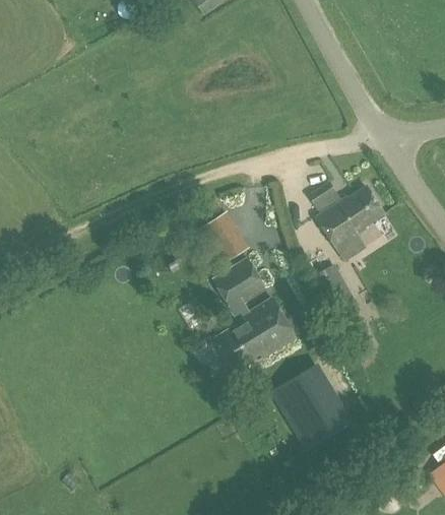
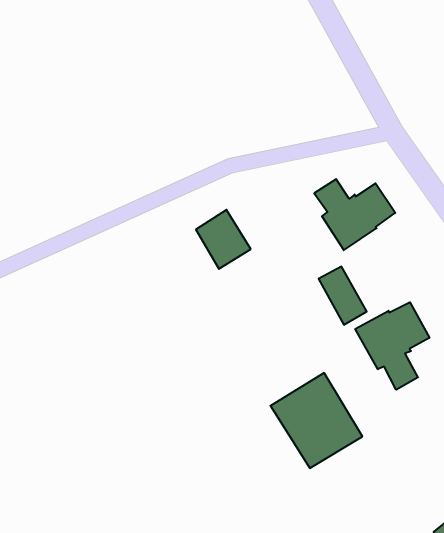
building: [215,257,297,370] -> none
building: none -> [355,302,429,390]

